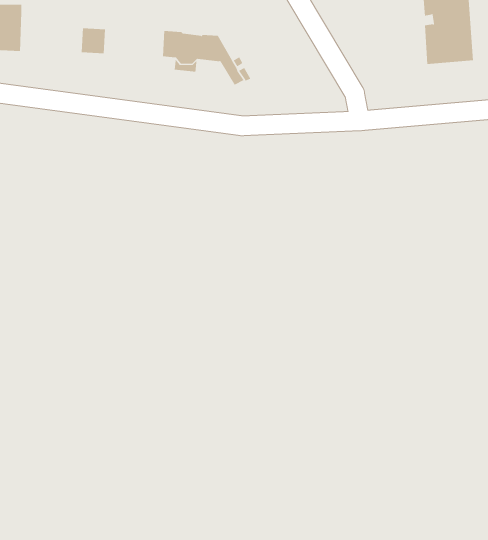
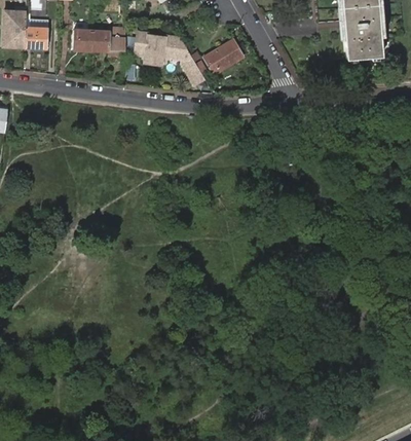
building: none -> [25,19,49,49]
building: none -> [90,28,125,57]
building: none -> [202,40,242,71]

